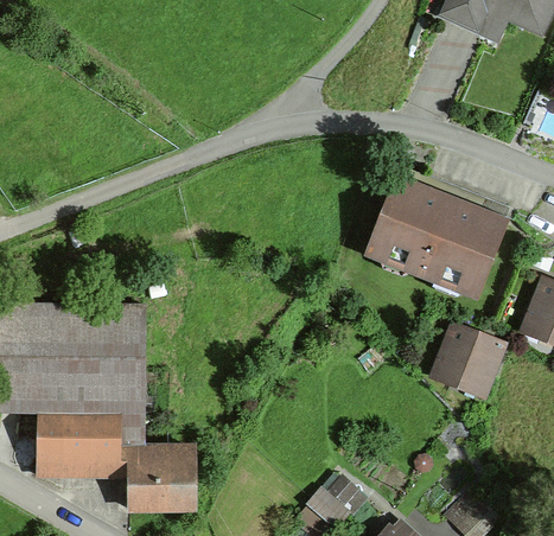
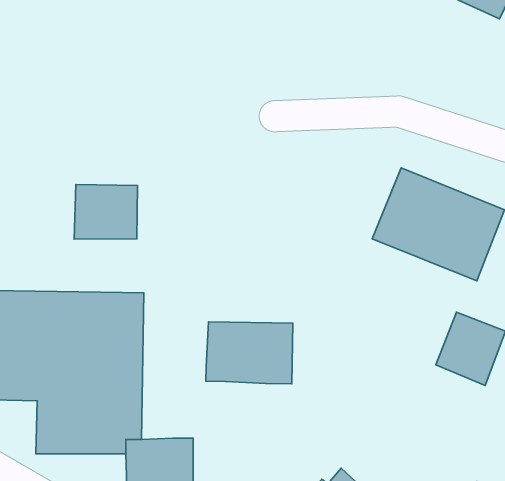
building: none -> [74,185,138,239]
building: none -> [206,322,293,384]

